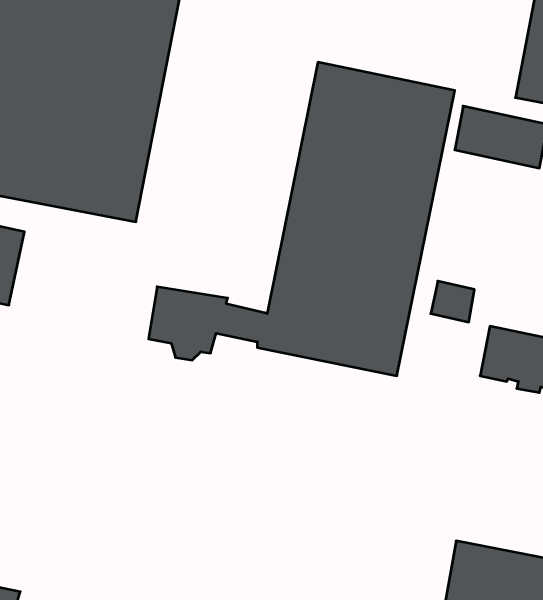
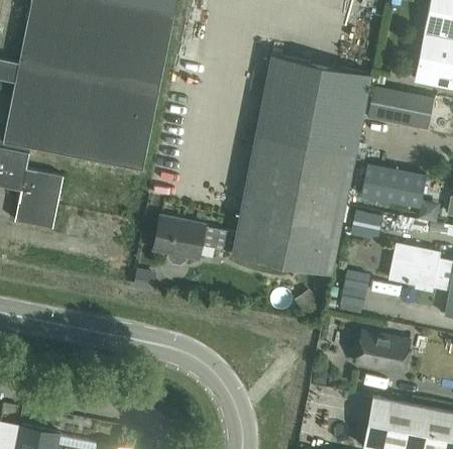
building: none -> [359,164,426,208]
building: none -> [341,271,370,316]
building: none -> [354,332,409,373]

